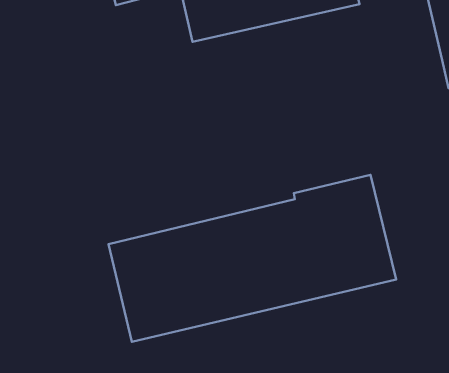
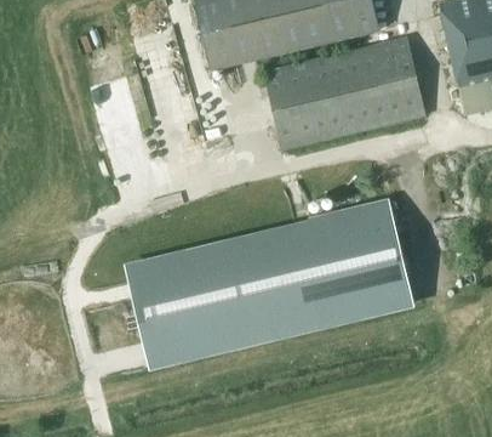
building: none -> [263,36,427,148]

